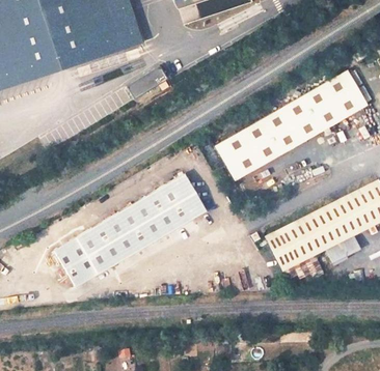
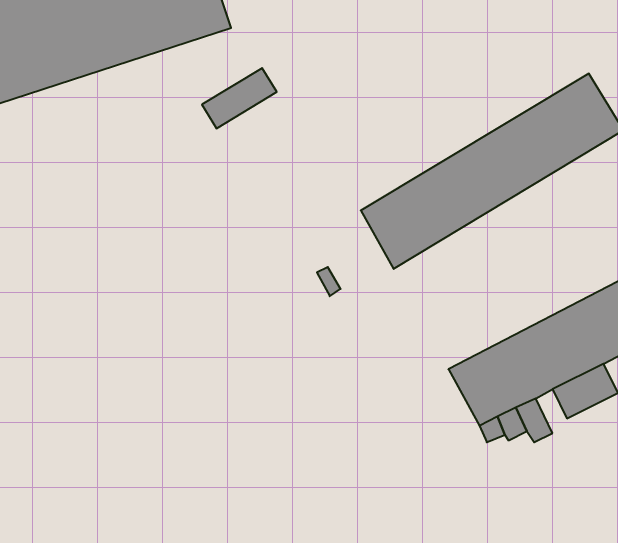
building: [56,175,205,287] -> none

